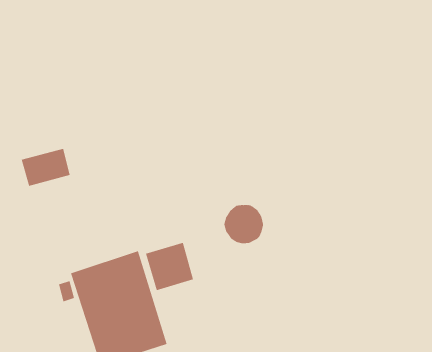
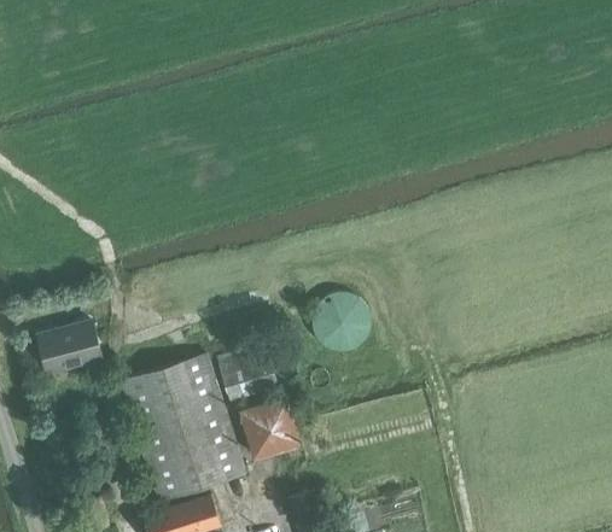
building: [21,148,71,187] -> [37,323,101,373]
building: none -> [238,397,302,460]

